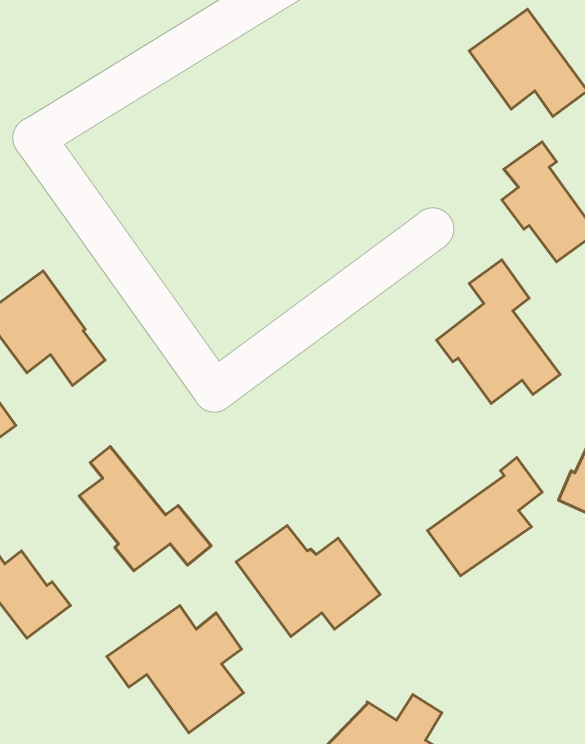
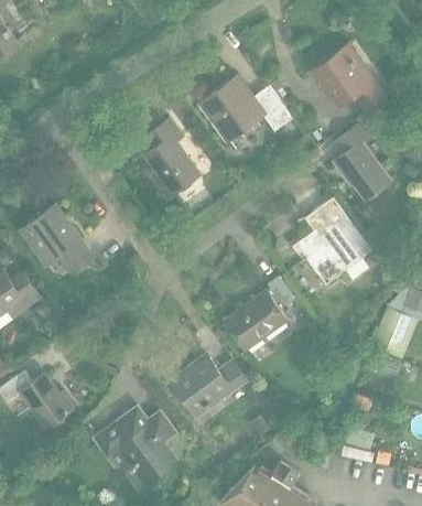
building: none -> [201,77,291,139]
building: none -> [144,119,199,198]
building: [79,446,211,571] -> none
building: [428,458,542,576] -> [225,278,294,349]

